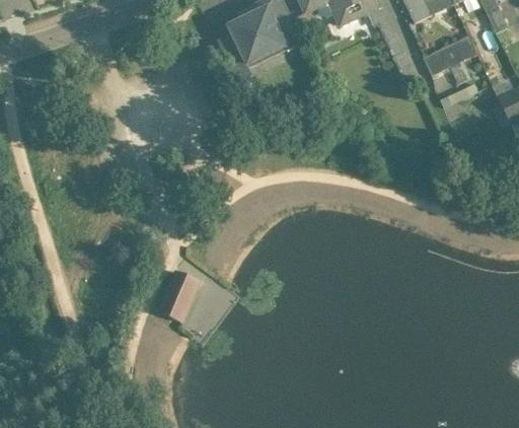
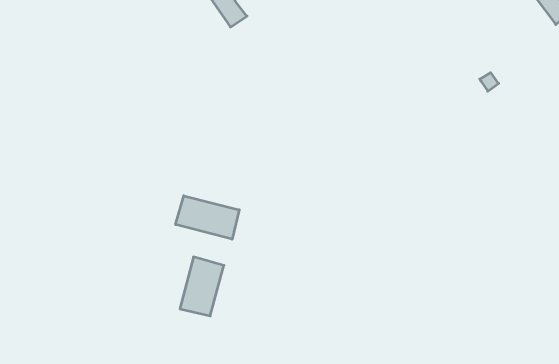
building: none -> [176,196,239,239]

